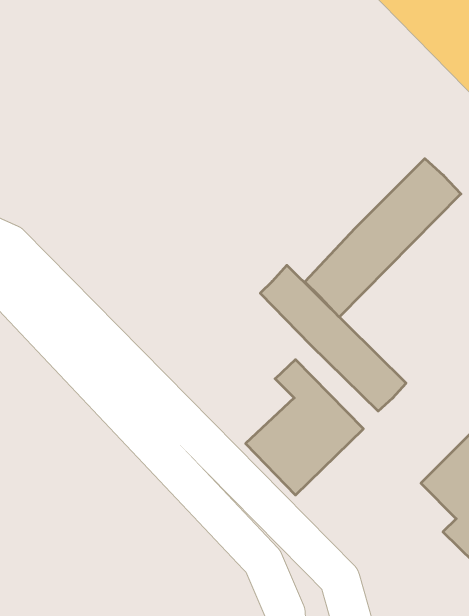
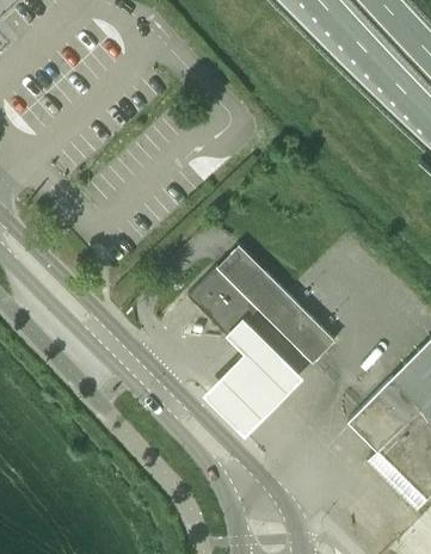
building: [305,159,461,317] -> none
building: none -> [189,269,258,338]

